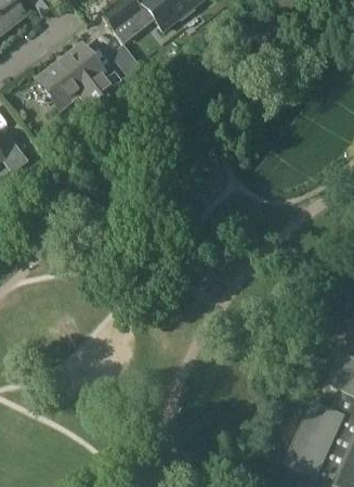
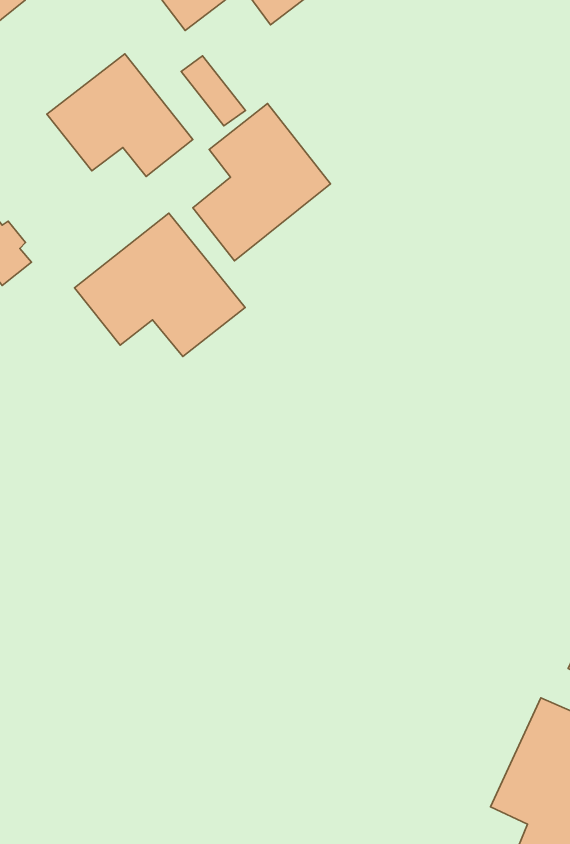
building: none -> [193,103,331,261]
building: none -> [74,213,245,357]

